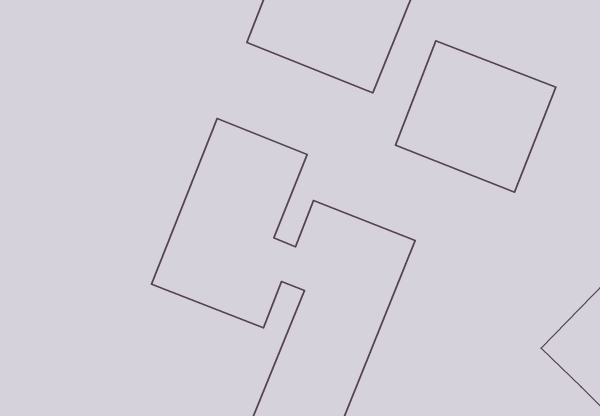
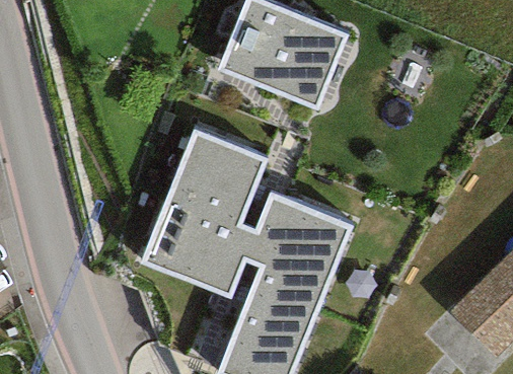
building: [395,41,556,192] -> none

